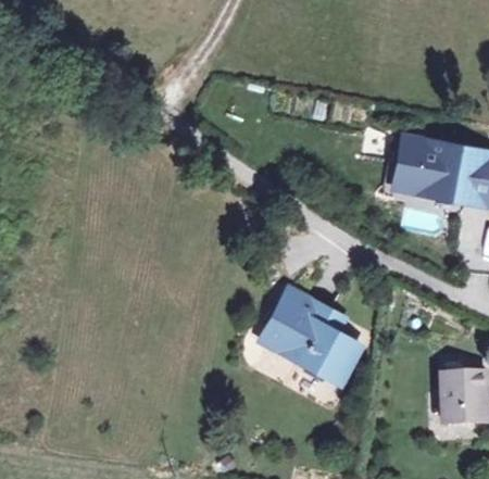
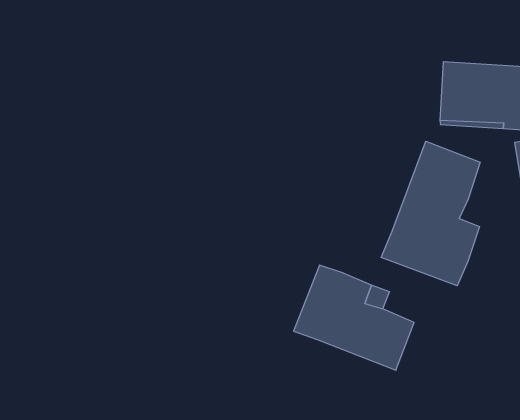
building: none -> [381,141,480,286]

